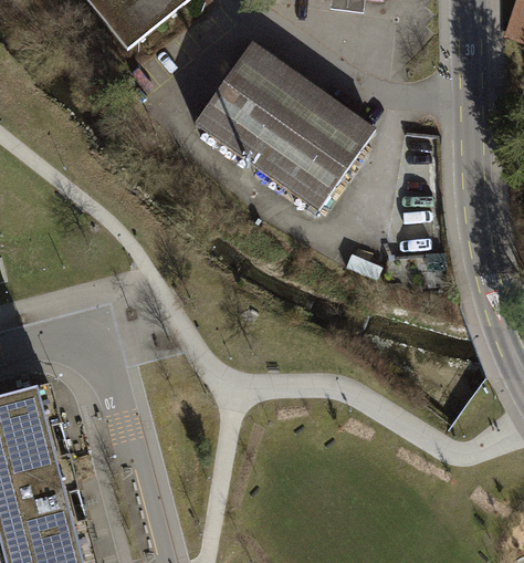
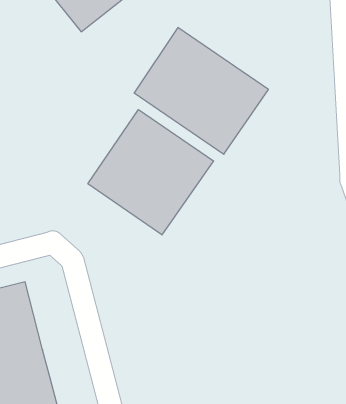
building: none -> [88,110,214,235]

